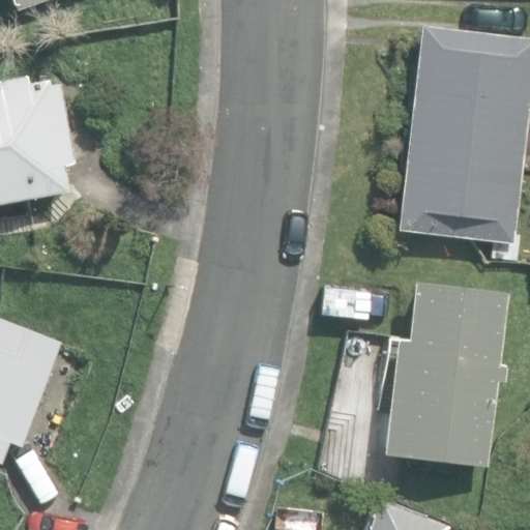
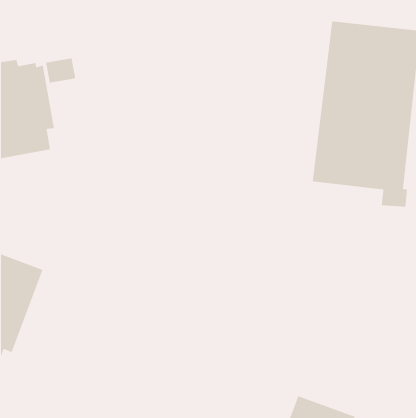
building: [382,281,508,467] -> none

